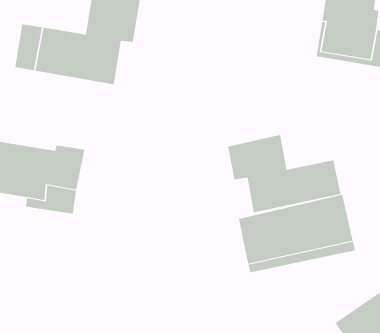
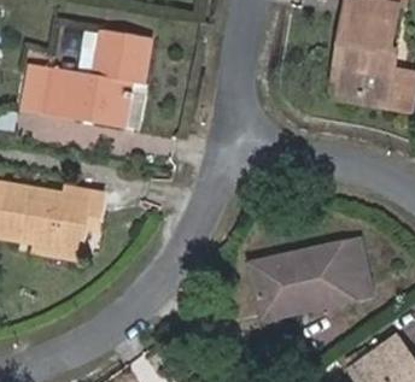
building: [228,134,341,213] -> none

